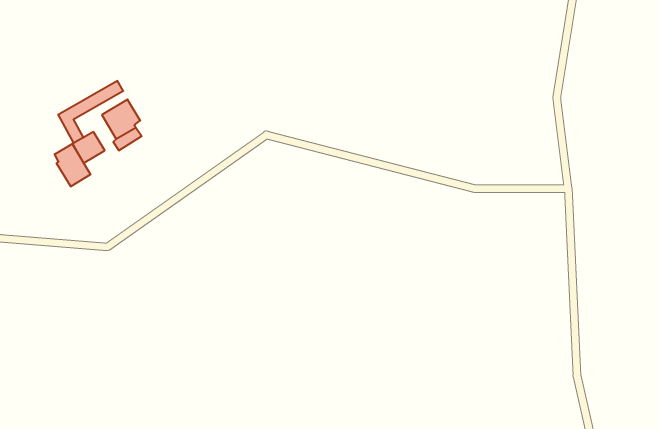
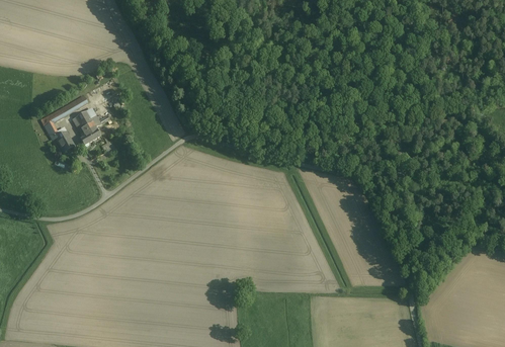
building: [55,144,90,187] -> none

